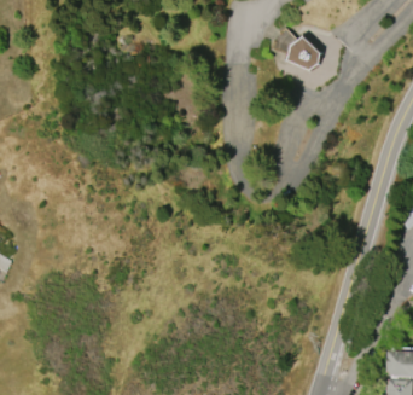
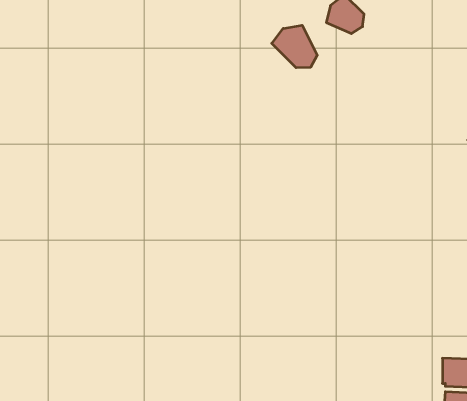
building: none -> [272,25,317,68]

